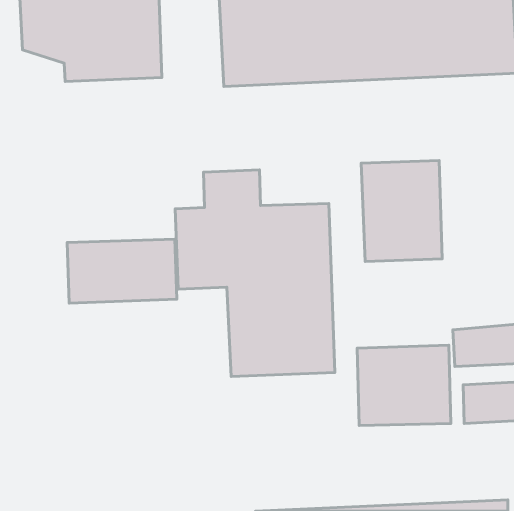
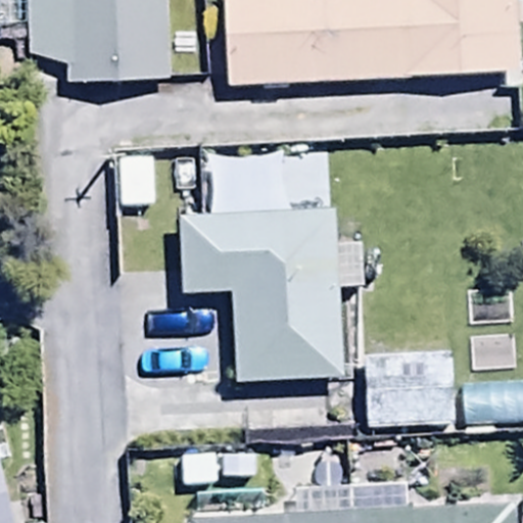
building: [361,160,442,262] -> none
building: [67,239,177,303] -> none

